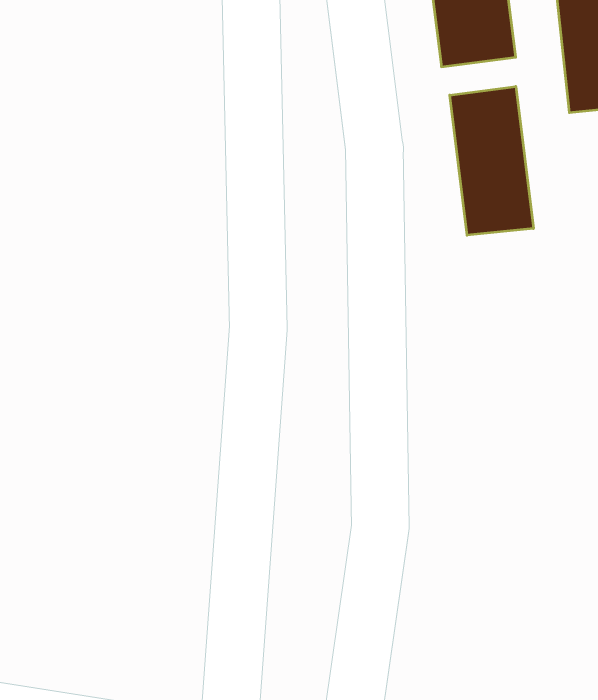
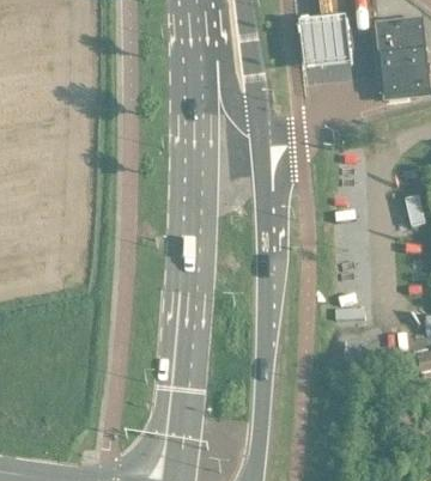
building: [450,86,533,235] -> none

